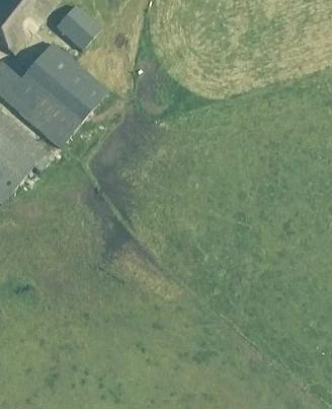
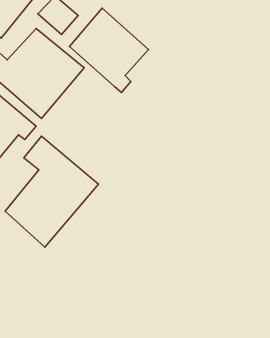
building: none -> [70,8,149,92]
building: none -> [5,136,98,247]

